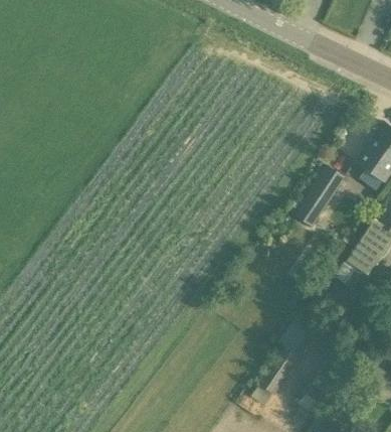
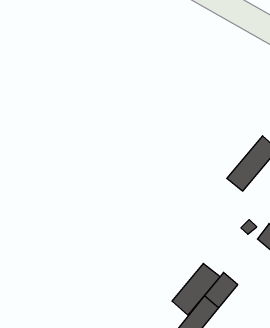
building: none -> [172,263,220,315]

